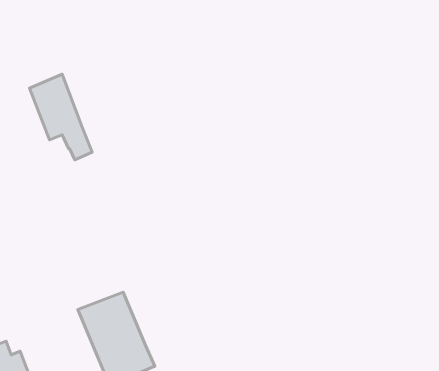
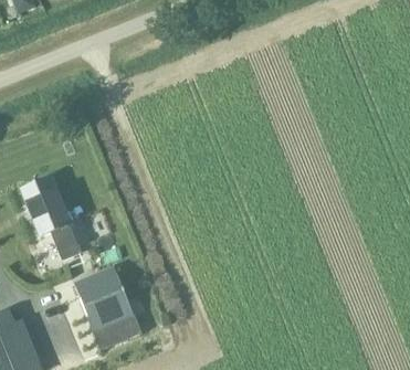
building: [29,74,92,160] -> [21,177,76,252]

